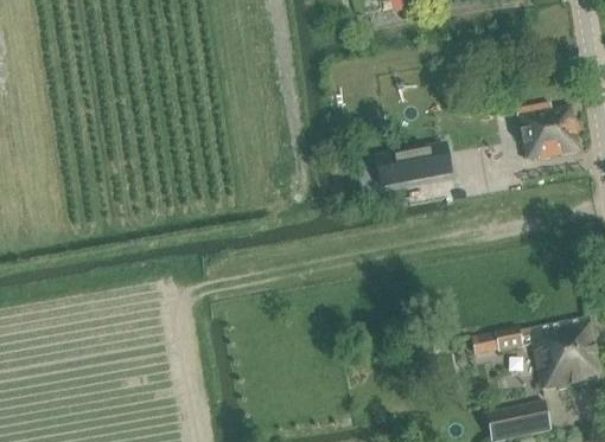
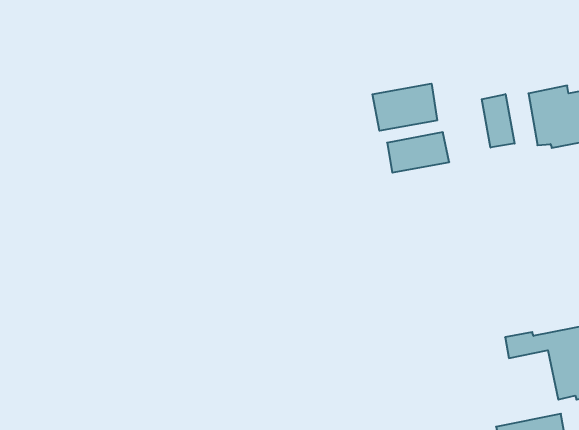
building: none -> [372,84,437,131]
building: none -> [482,94,515,148]

